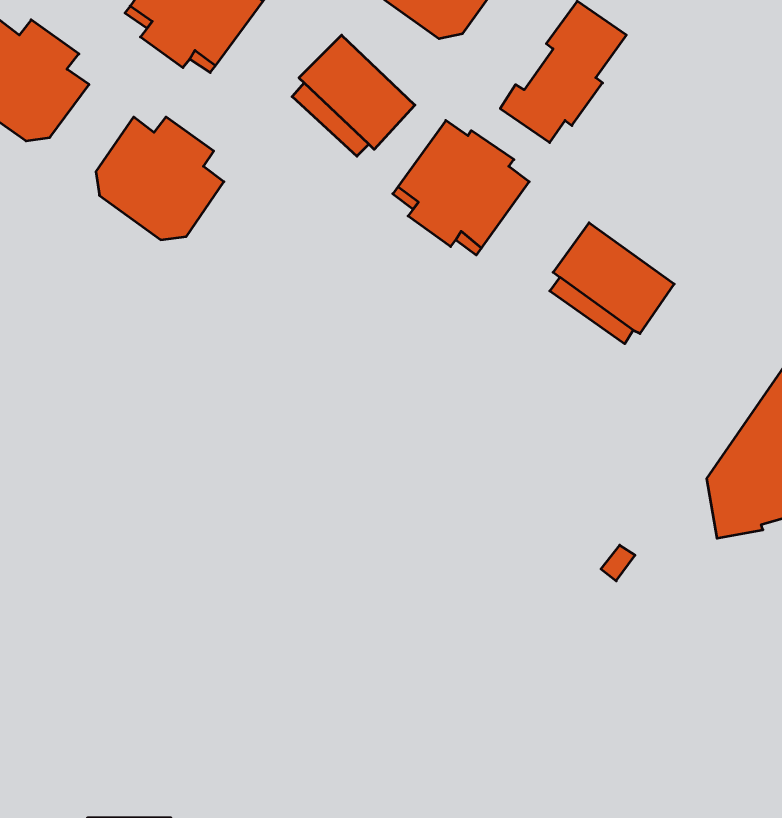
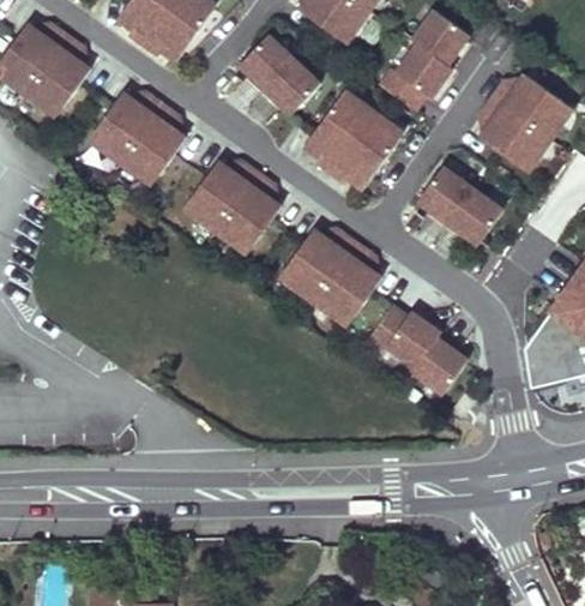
building: none -> [480,73,566,164]
building: none -> [191,160,282,246]
building: none -> [285,228,381,318]
building: none -> [367,305,468,392]

